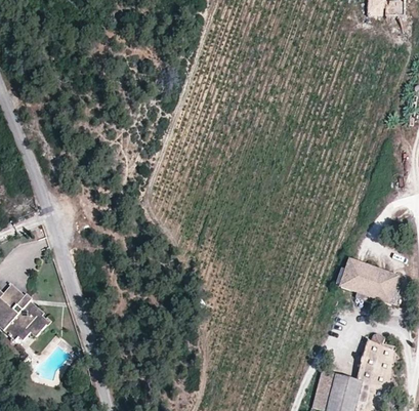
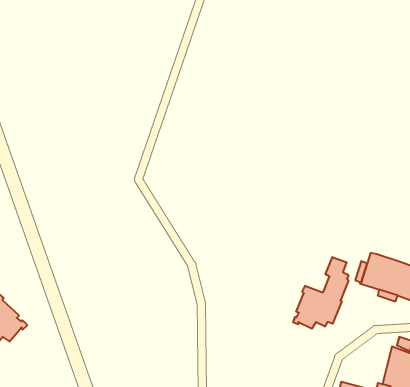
building: none -> [293,257,348,329]

